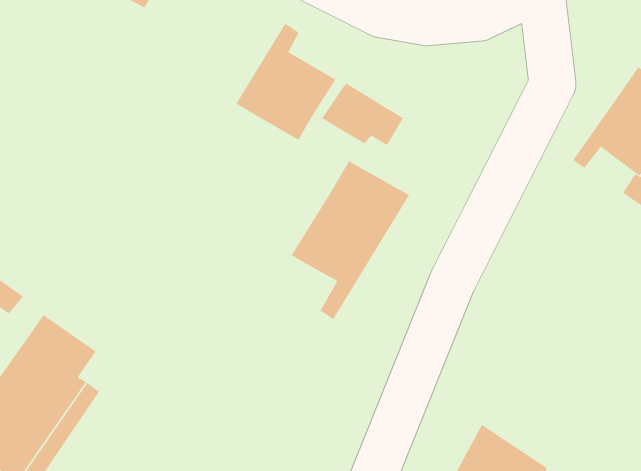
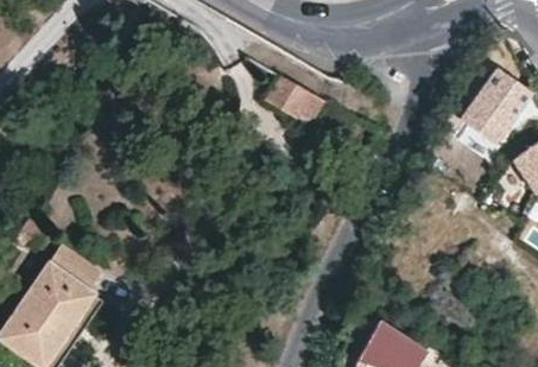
building: [236,23,336,141] -> none
building: [291,161,410,320] -> none

